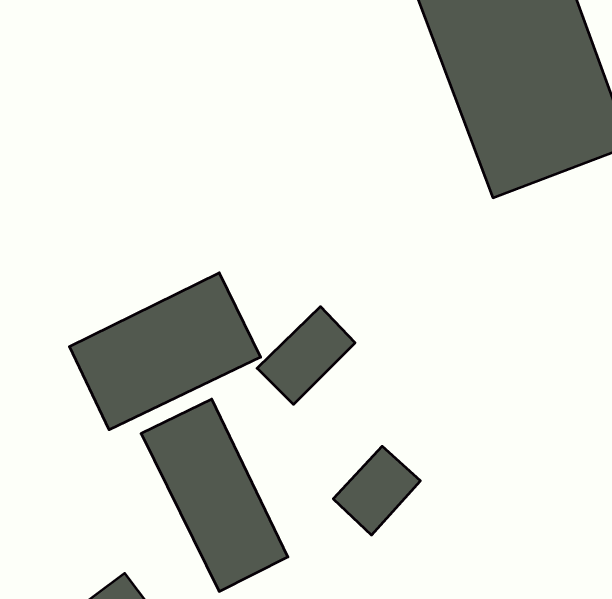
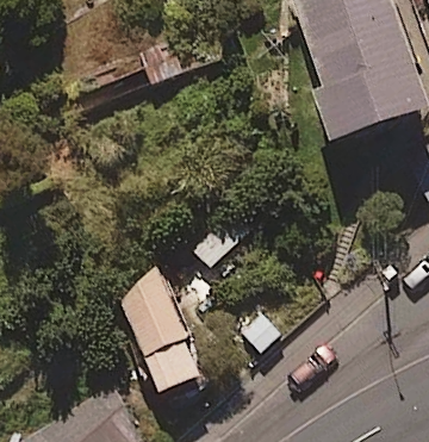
building: [69,273,261,430] -> none

